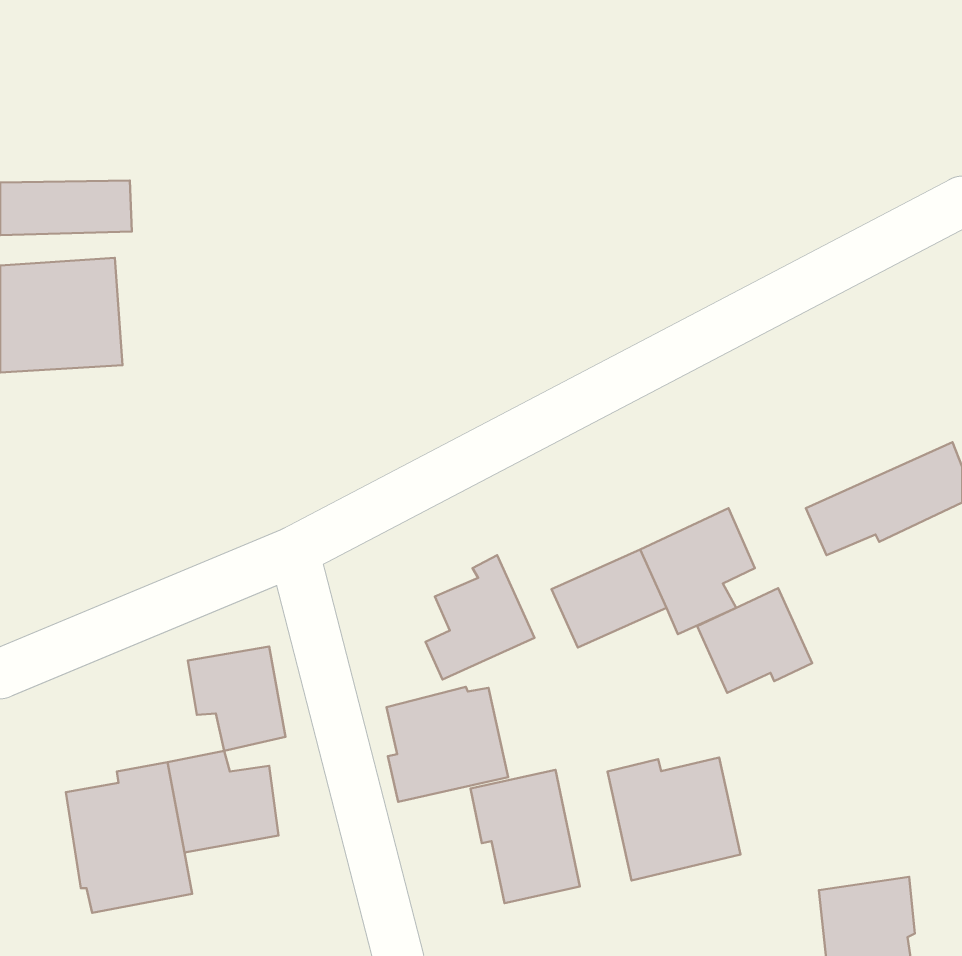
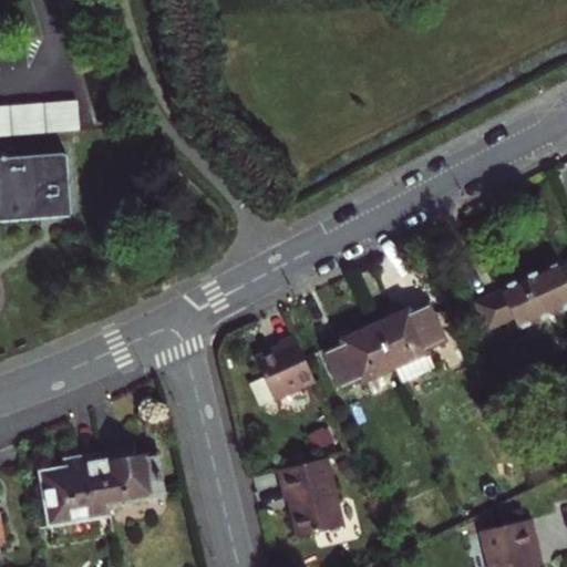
building: [697,588,812,693] -> none
building: [188,646,285,751] -> none
building: [386,687,508,802] -> none
building: [607,757,740,880] -> none

